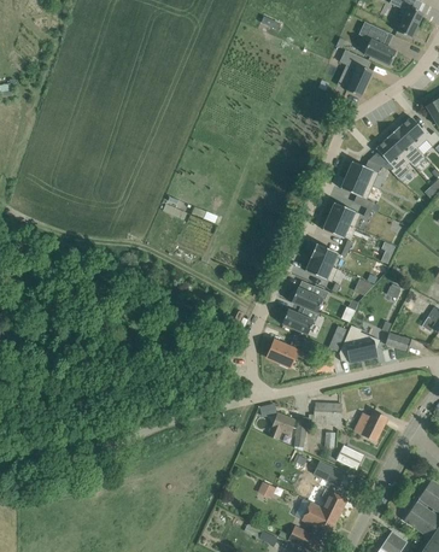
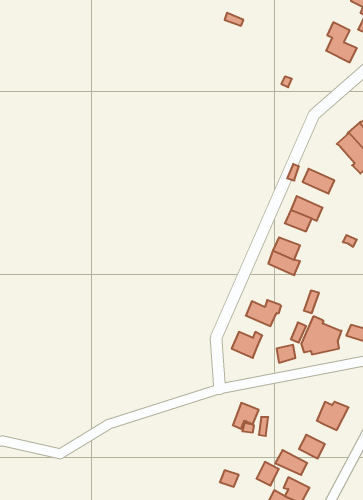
building: [339,49,373,96] -> none
building: [346,159,382,186] -> none
building: [291,286,328,312] -> none
building: [309,403,341,423] -> none

